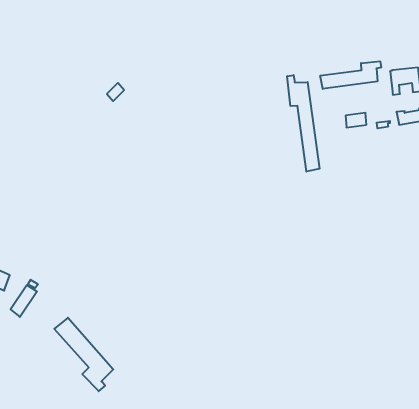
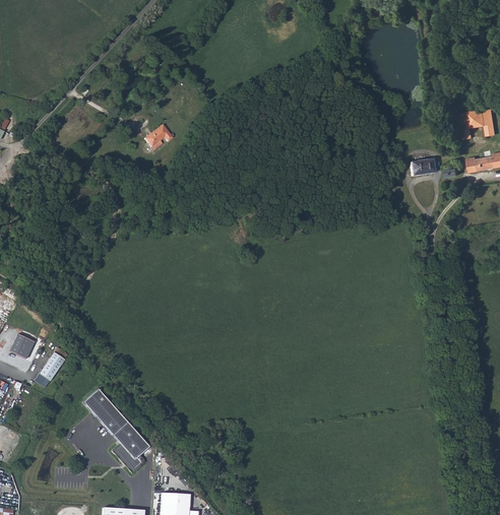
building: [320,61,381,89] -> none
building: [287,75,320,172] -> none

